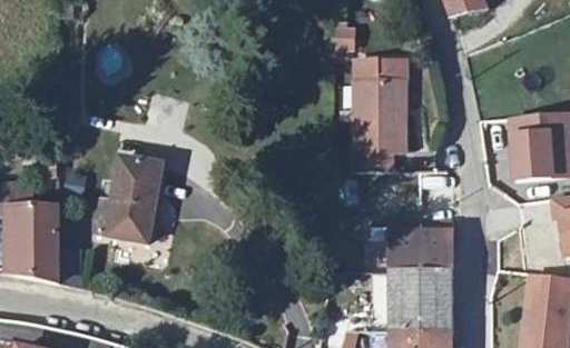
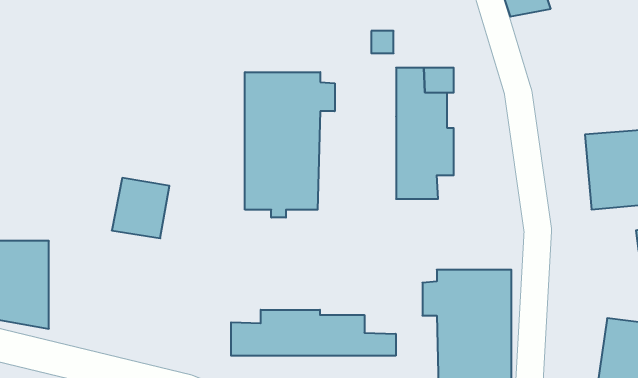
building: none -> [245,72,335,218]
building: [106,197,153,237] -> none
building: none -> [231,310,396,356]

